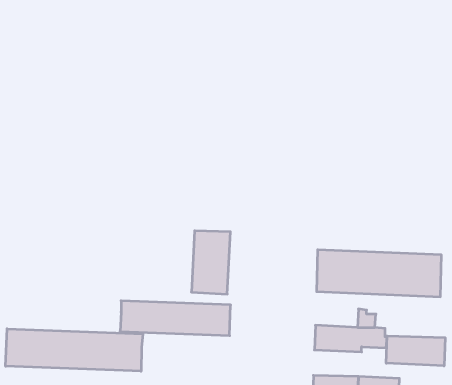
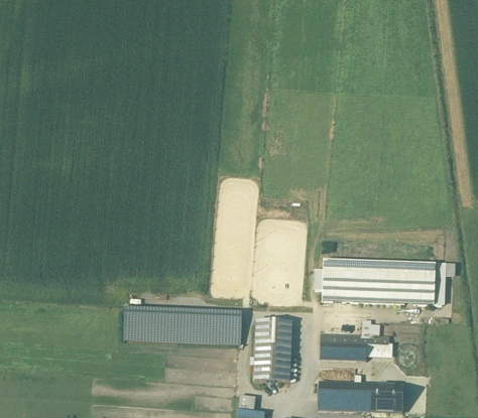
building: [191,231,230,294] -> [253,319,291,382]
building: [6,329,143,371] -> none
building: [386,336,445,366] -> none

